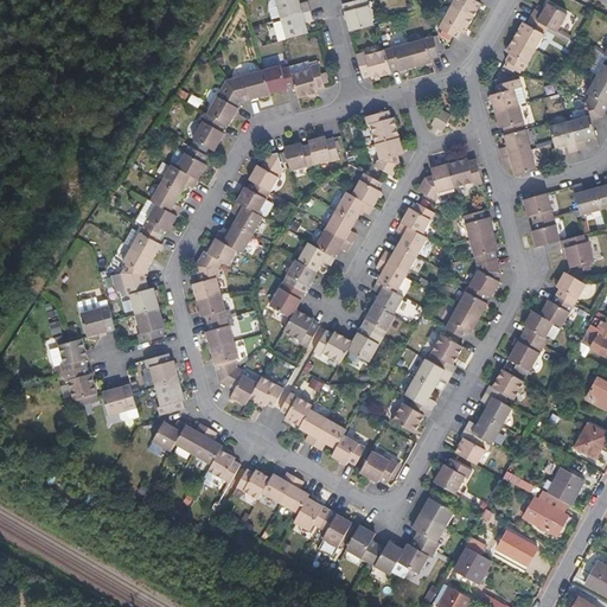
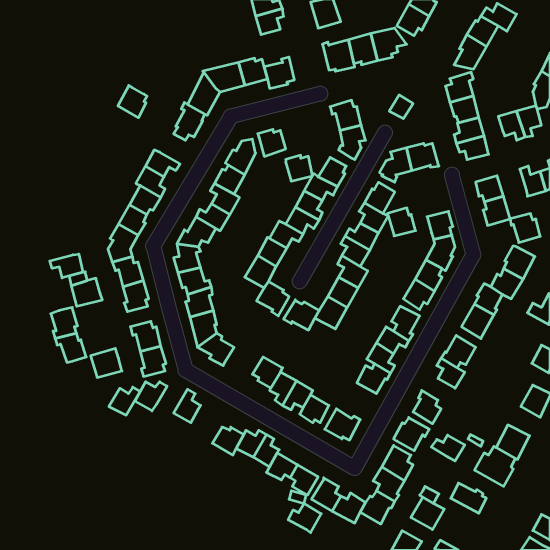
building: [308,135,338,164] -> [286,155,313,181]
building: [175,145,207,180] -> [118,85,147,118]
building: [462,207,493,238] -> [388,208,416,236]
building: none -> [50,254,83,278]
building: [248,376,282,408] -> none
building: [464,416,500,445] -> [431,435,465,461]
building: [172,423,206,454] -> [109,387,140,415]
building: [205,449,238,484] -> none
building: none -> [288,504,321,533]

